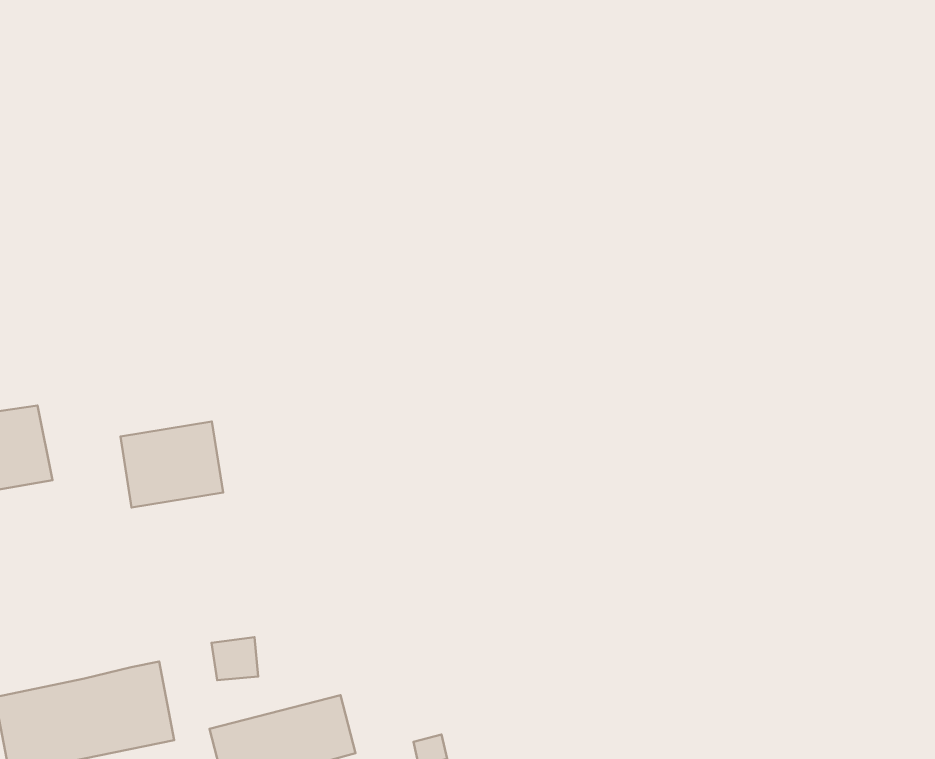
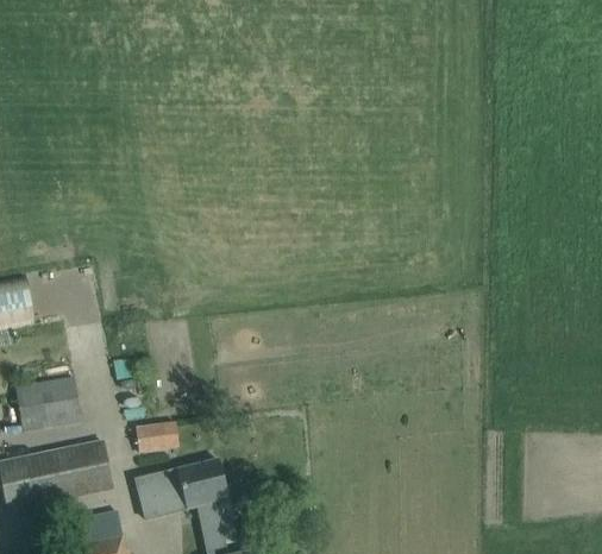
building: [120,422,223,508] -> [17,374,82,429]

